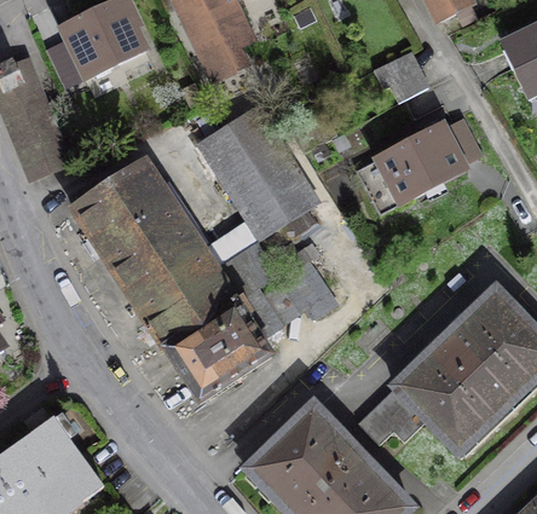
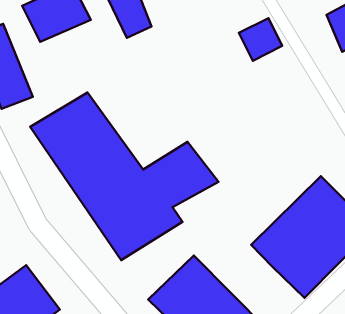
building: [191,105,313,237] -> none
building: [356,117,475,218] -> none
building: [353,382,422,451] -> none

